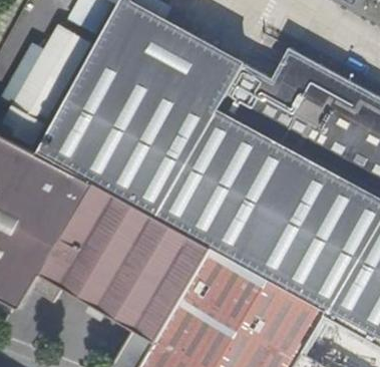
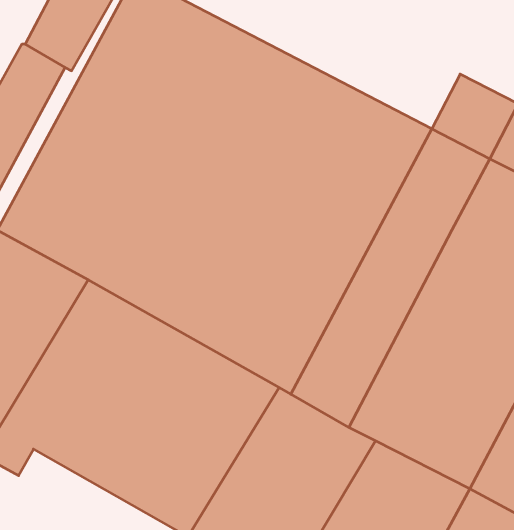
building: [272,44,316,91] -> none

